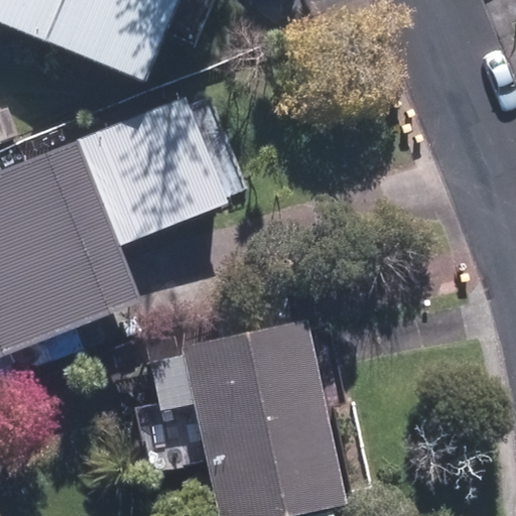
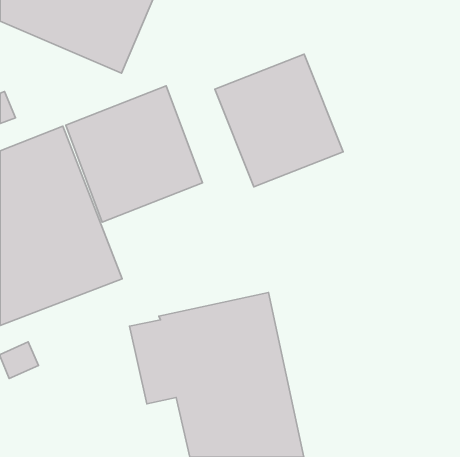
building: none -> [215,54,343,187]

